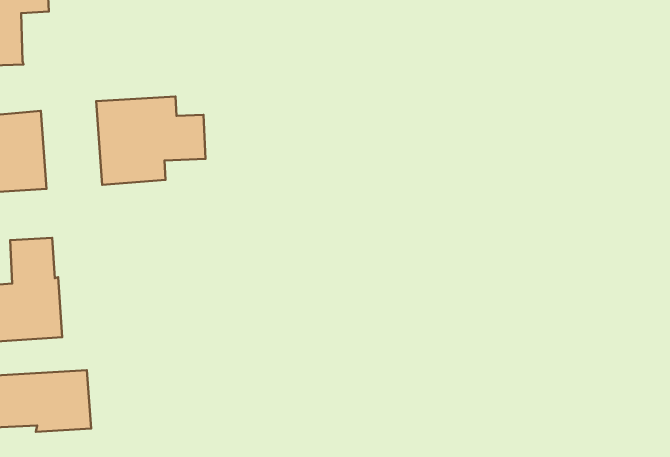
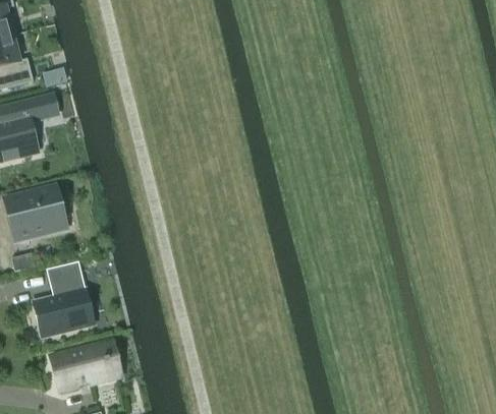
building: [96,97,205,185] -> none

